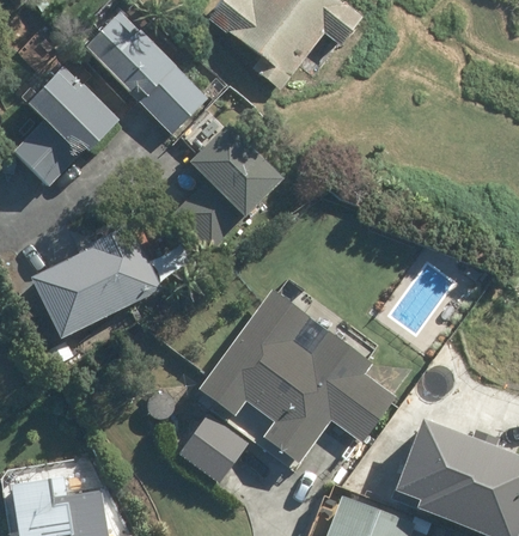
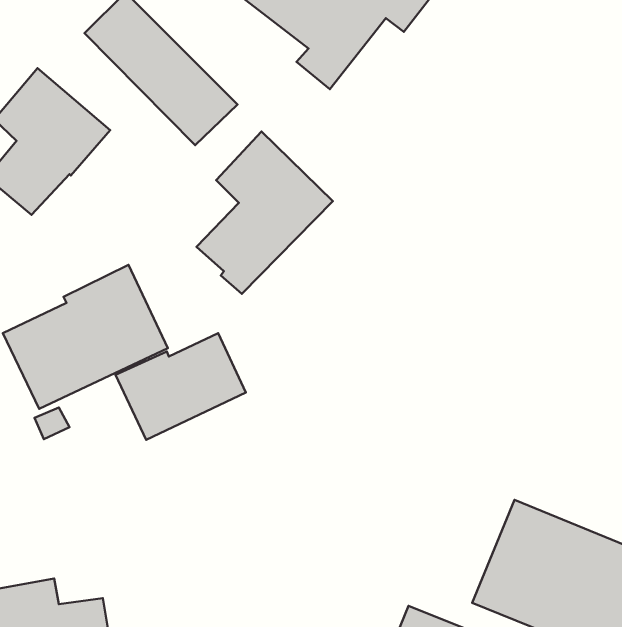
building: none -> [116,333,246,440]
building: [200,290,396,463] -> none
building: [179,413,250,482] -> none

